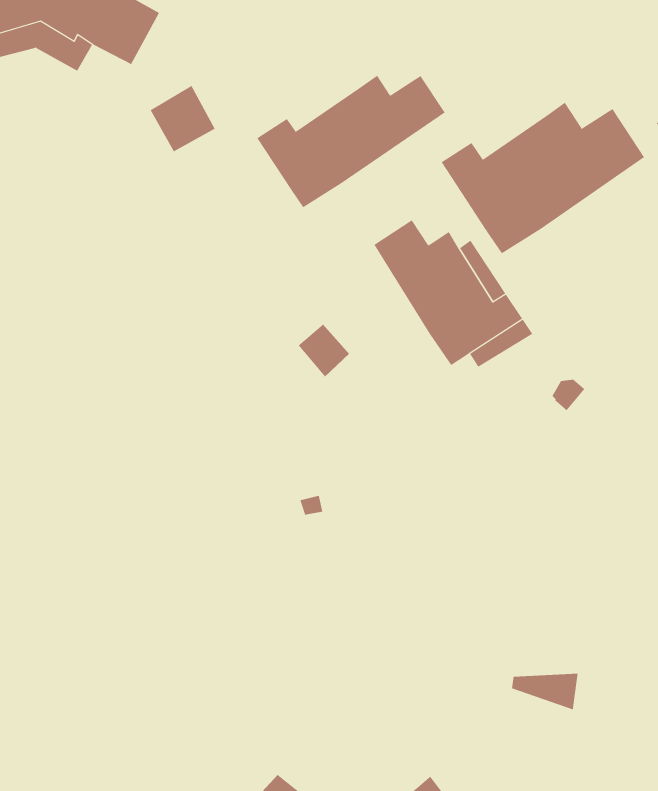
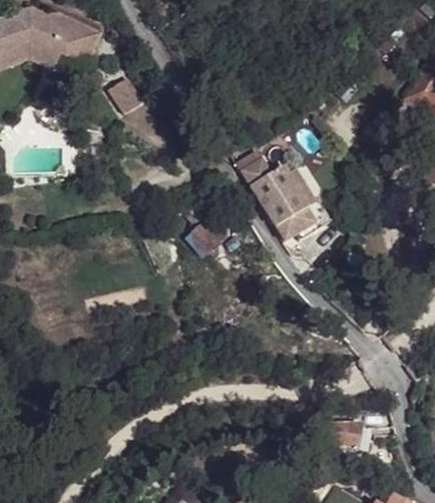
building: [257,75,445,208] -> none
building: [441,102,645,254] -> none

